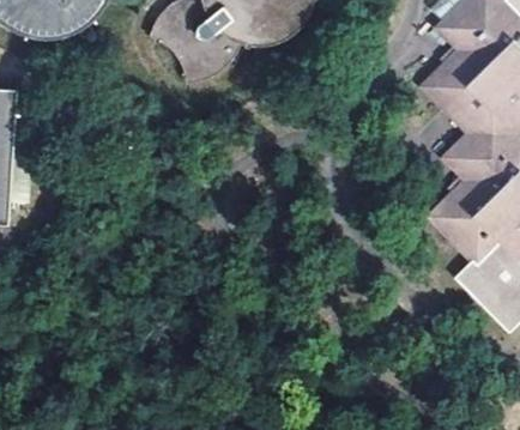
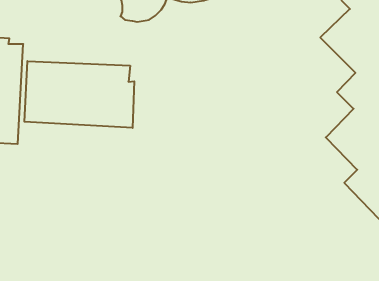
building: none -> [24,61,134,128]

